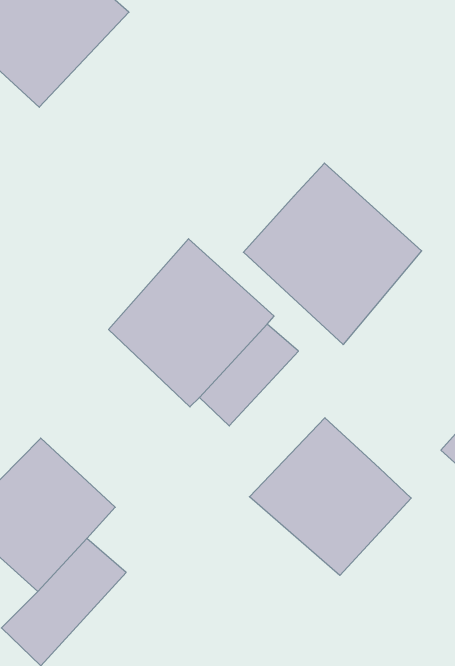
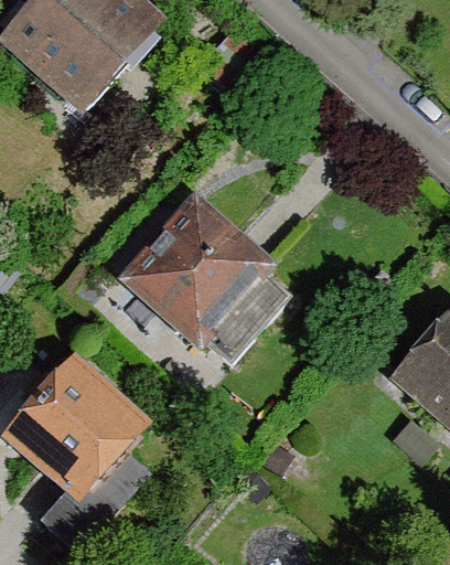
building: [243,163,422,345] -> none
building: [249,418,411,575] -> none

